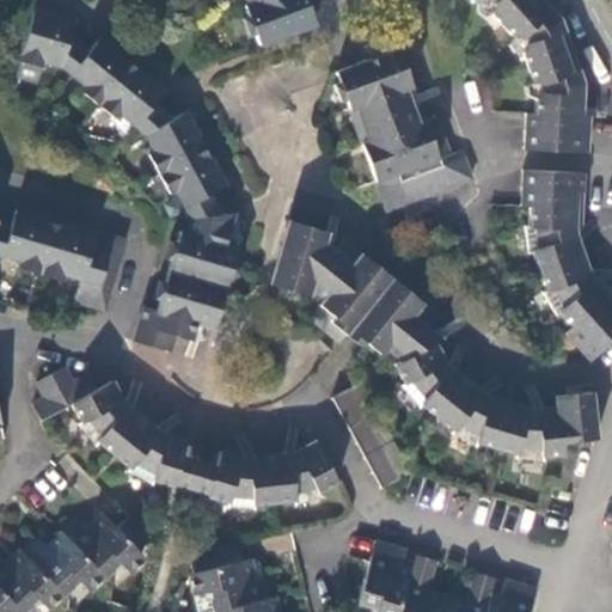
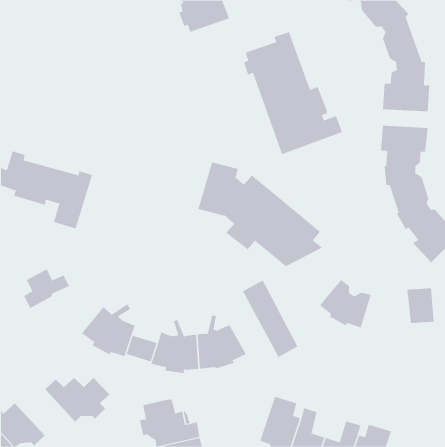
building: [20,11,249,351] -> none
building: [393,342,469,417] -> none
building: [74,382,143,455] -> none
building: [496,403,564,460] -> none
building: [23,532,105,595] -> none

